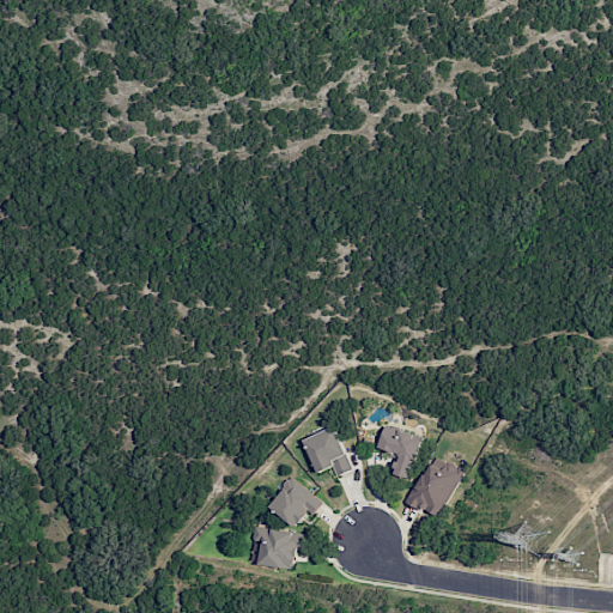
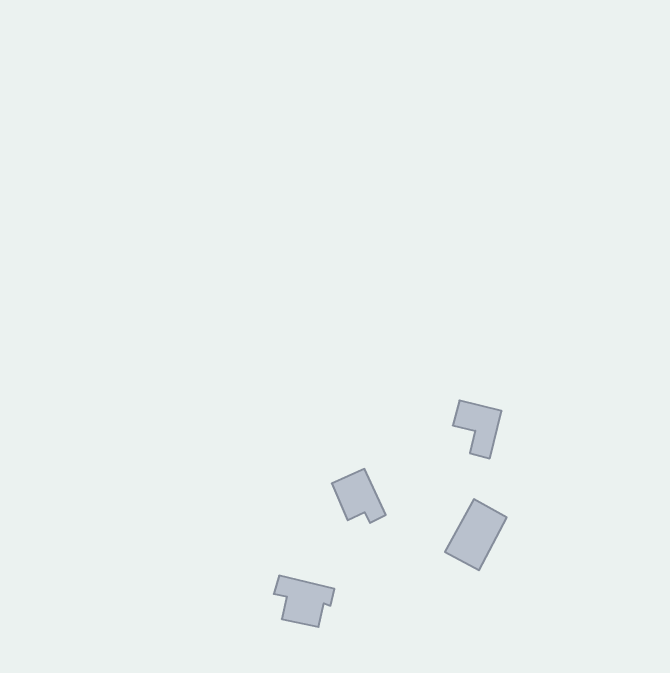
building: [376,426,420,479] -> [453,400,502,458]
building: [267,477,321,527] -> none

